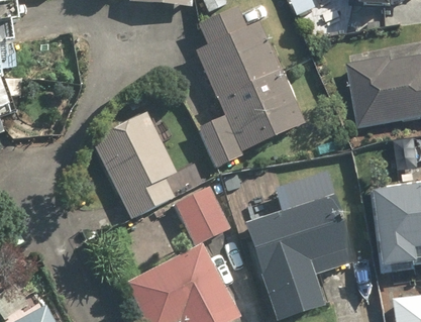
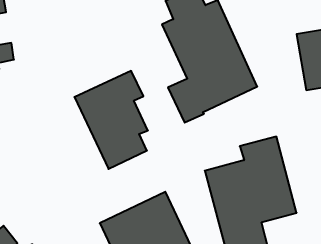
building: [175,185,229,242] -> none

